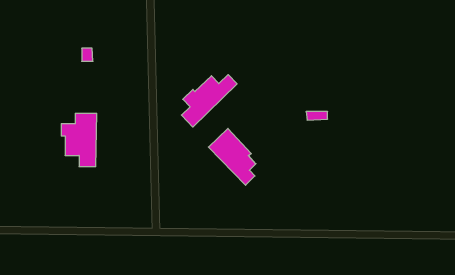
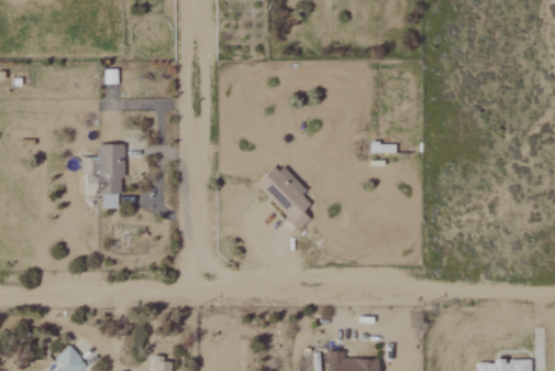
building: [181,75,237,127] -> none

